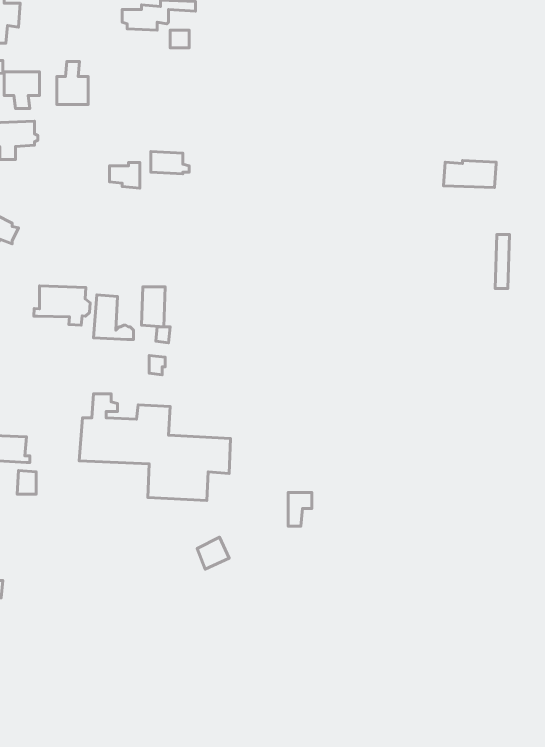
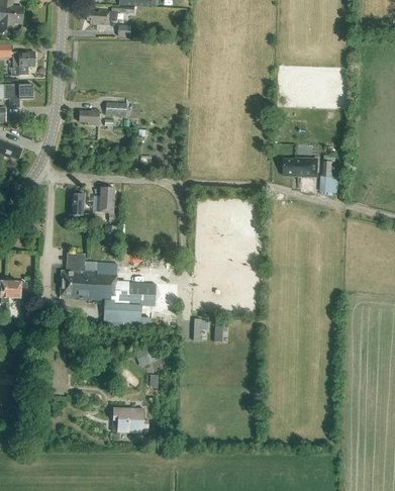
building: [57,62,88,105] -> none
building: [443,160,496,188] -> [284,158,317,175]
building: [34,286,90,325] -> none
building: none -> [112,407,147,431]

